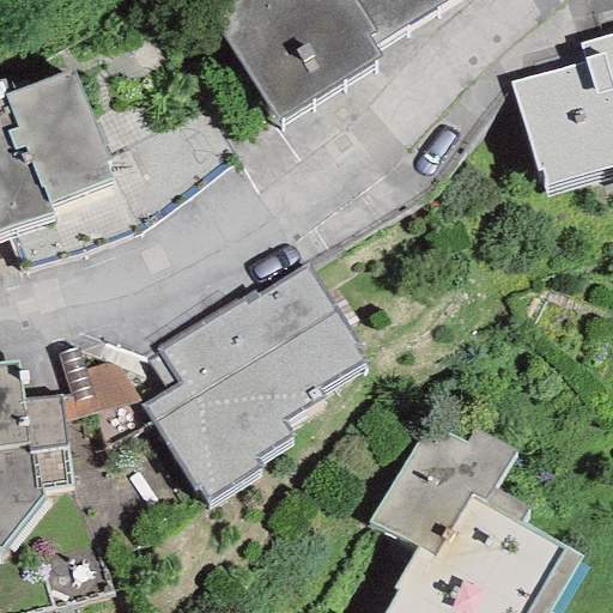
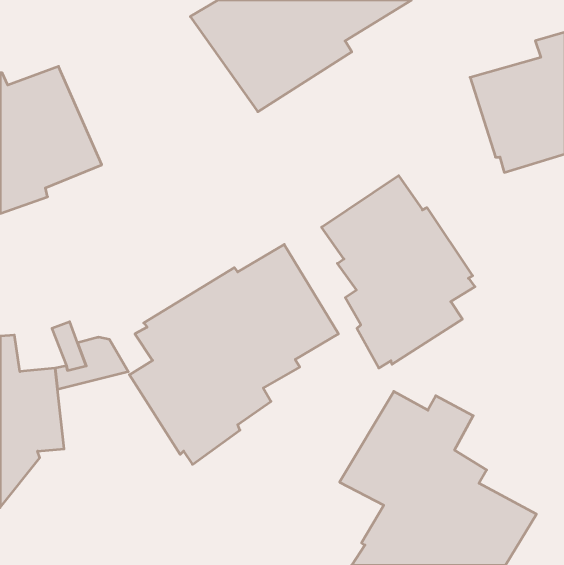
building: none -> [322,176,475,368]

